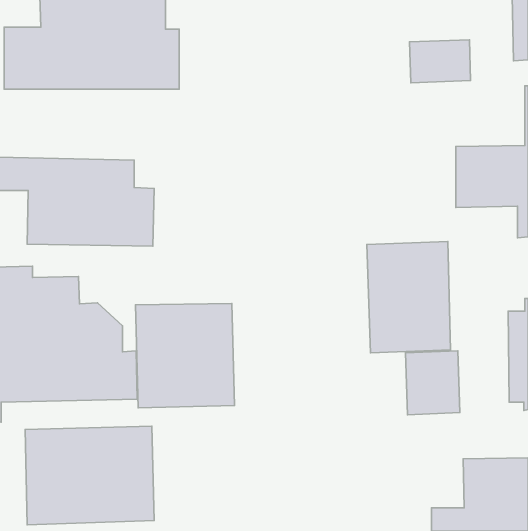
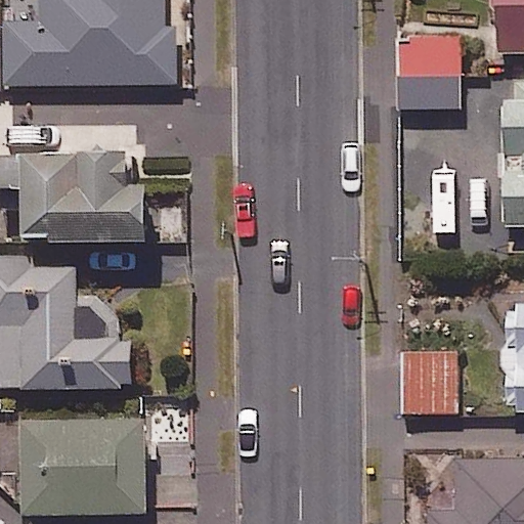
building: [367,242,450,353] -> none
building: [135,304,235,408] -> none

